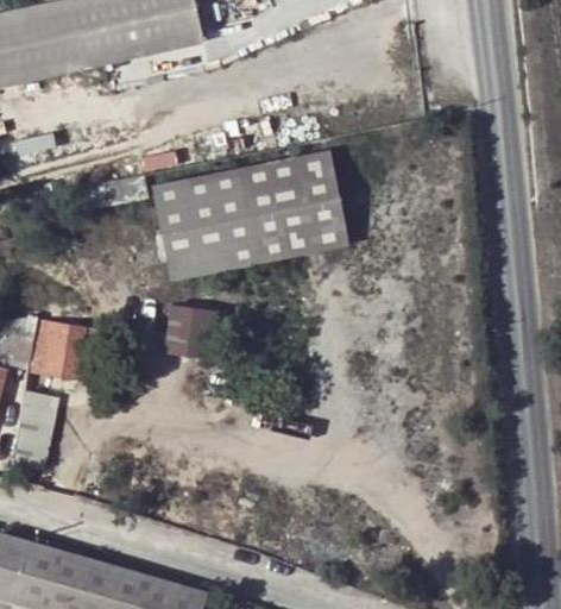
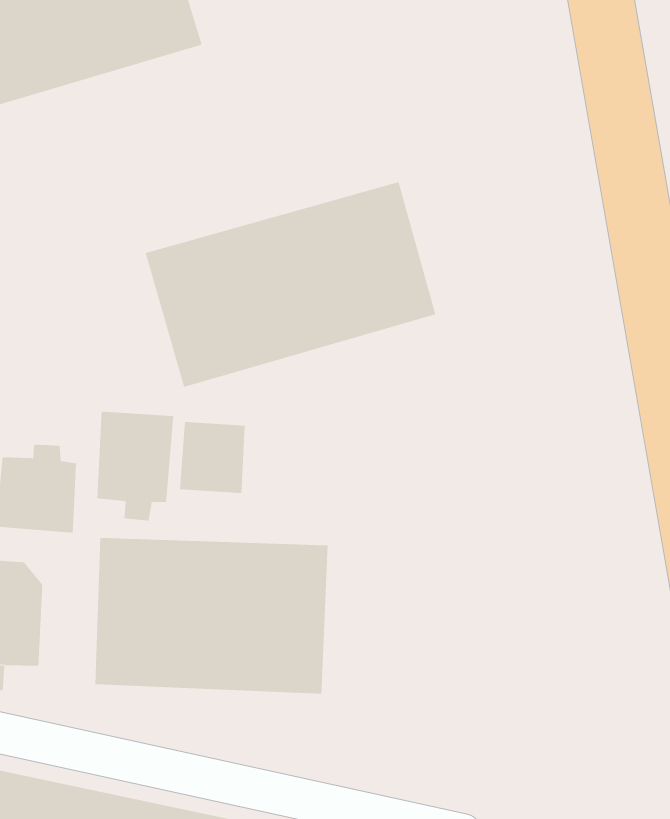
building: none -> [97,411,174,521]
building: none -> [95,537,328,694]

